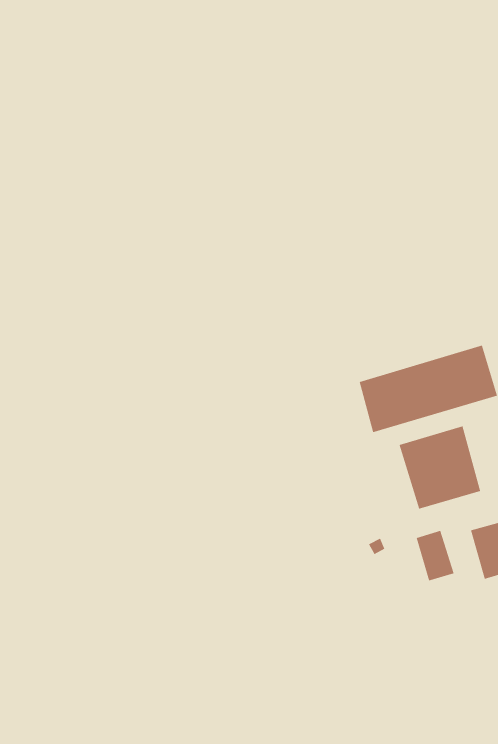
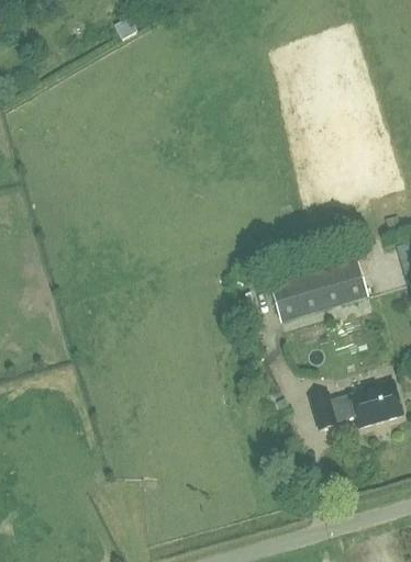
building: [399,426,481,510] -> none

